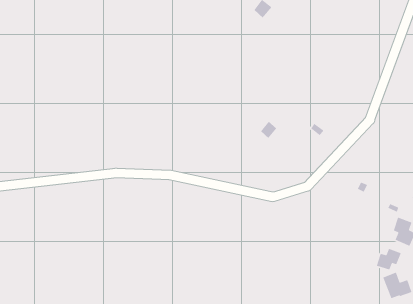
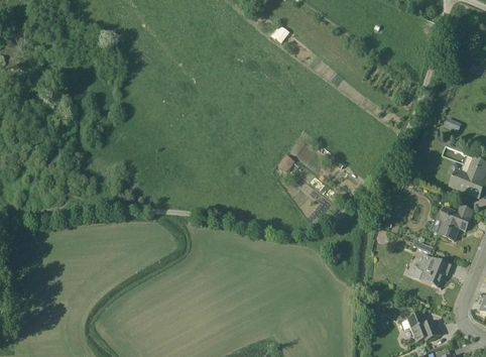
building: [376,248,402,271] -> none

